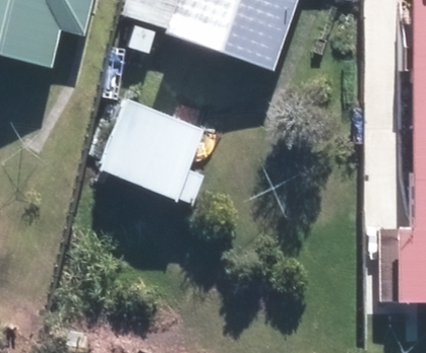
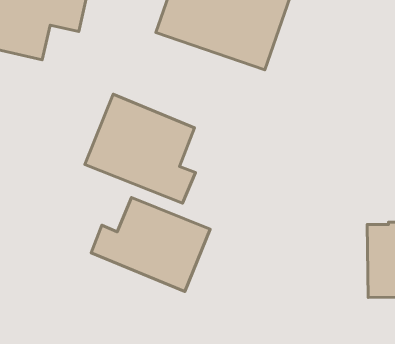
building: none -> [91,198,210,292]

